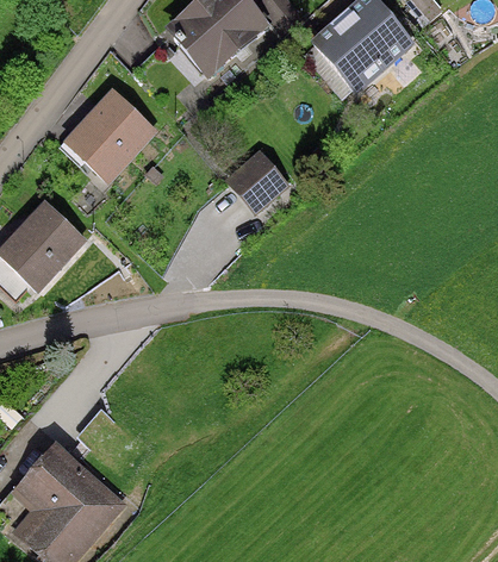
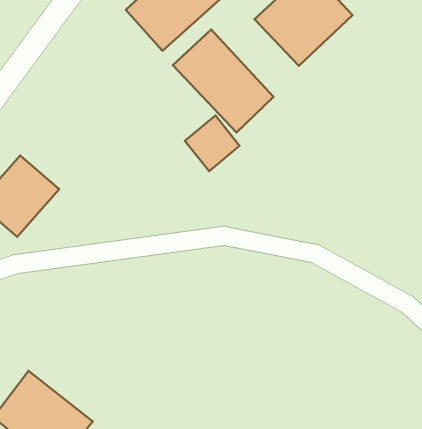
building: none -> [173,30,274,133]
building: [64,89,160,185] -> none

